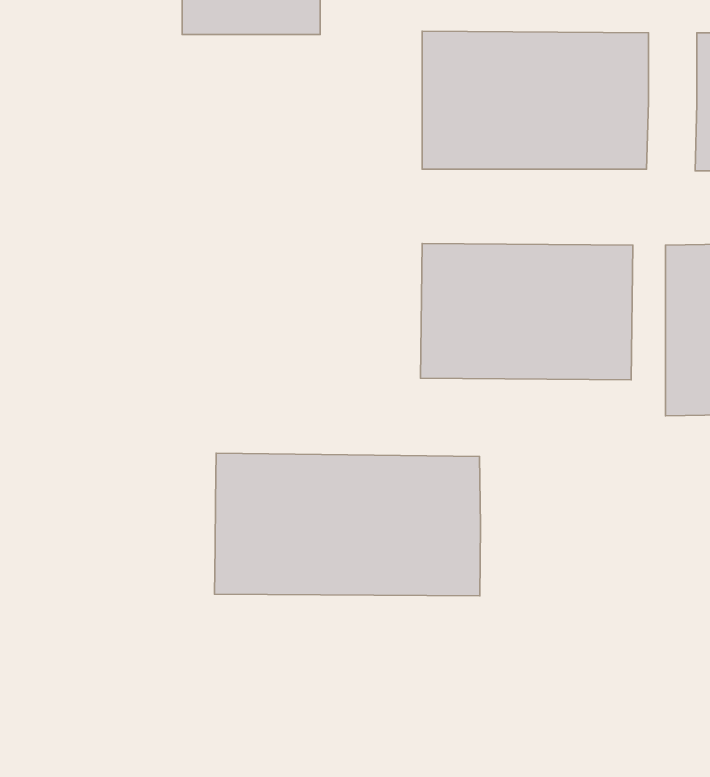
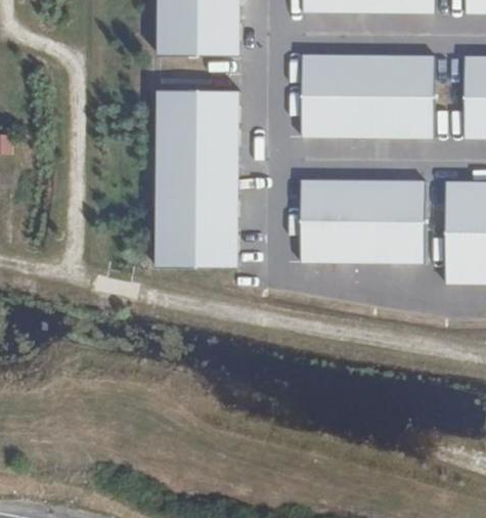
building: none -> [157,88,240,267]
building: [214,453,481,596] -> none

